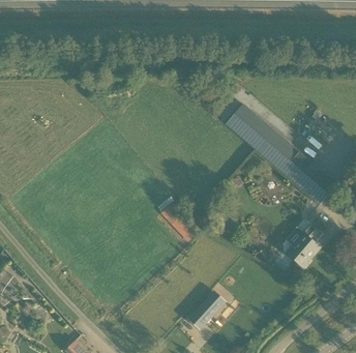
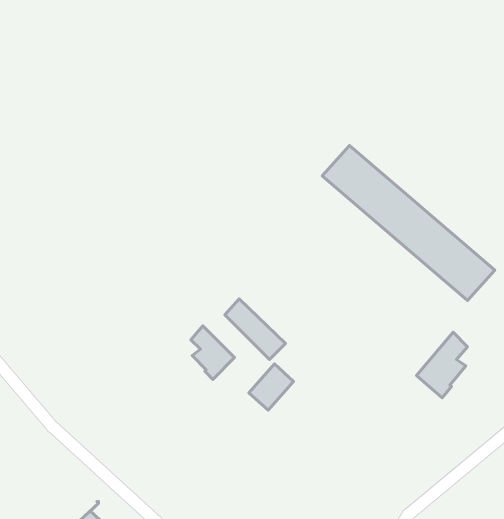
building: none -> [191,326,235,380]
building: [192,295,221,325] -> [249,364,294,410]

